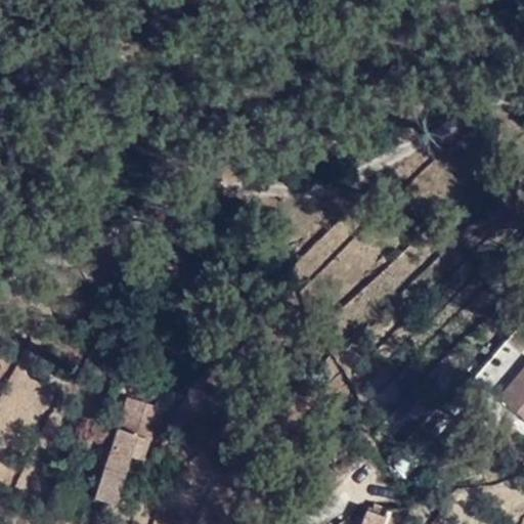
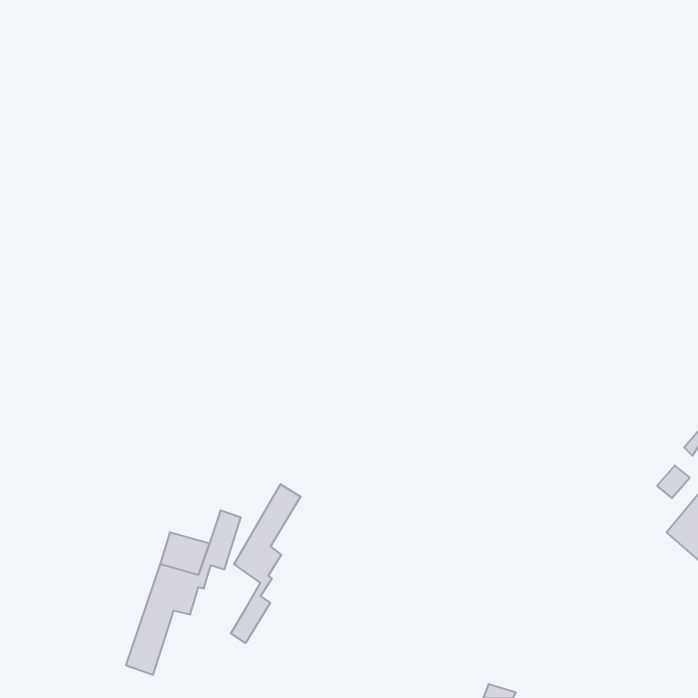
building: none -> [231,484,301,643]

